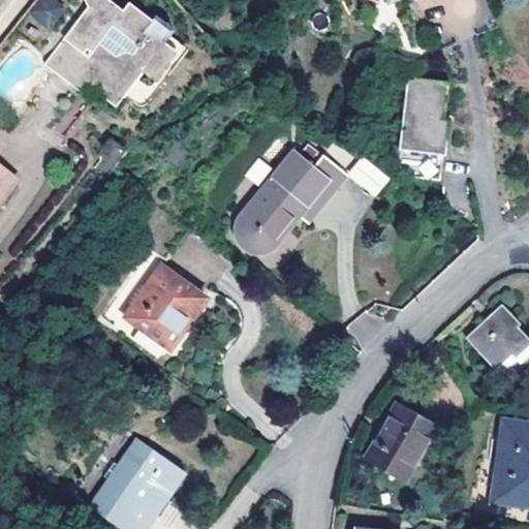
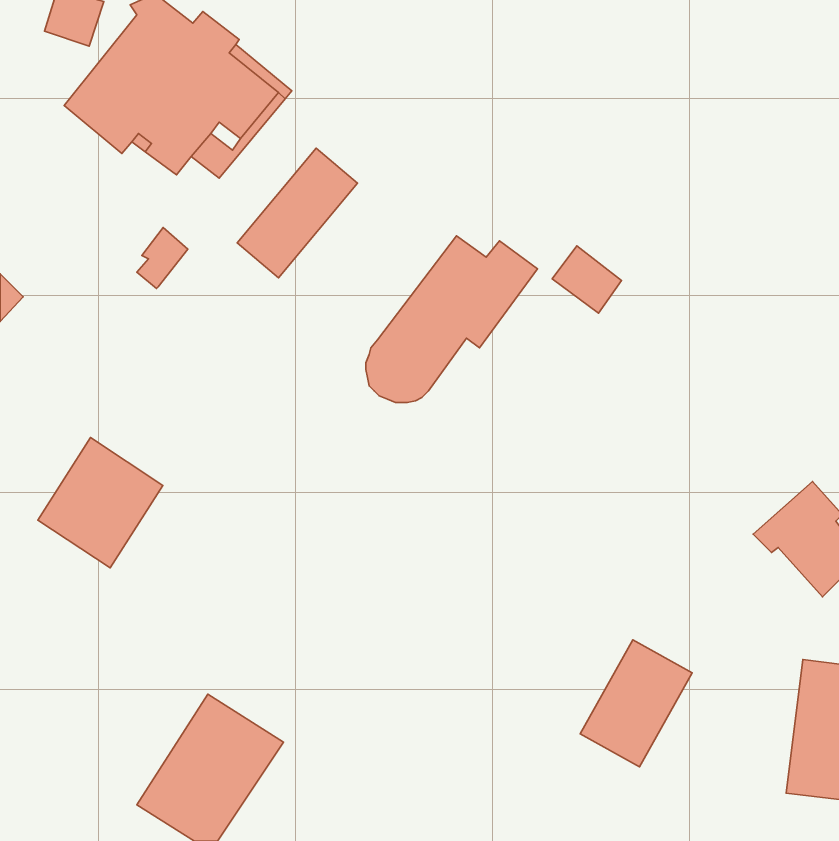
building: [400,79,452,180] -> none
building: none -> [237,148,358,278]
building: [125,272,204,353] -> [38,438,163,568]

